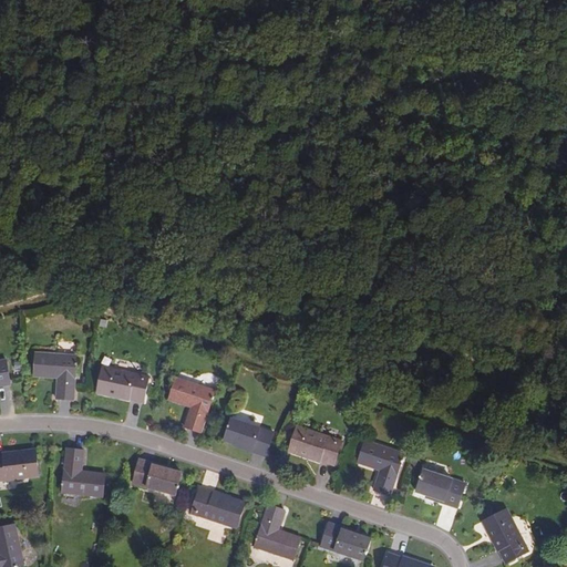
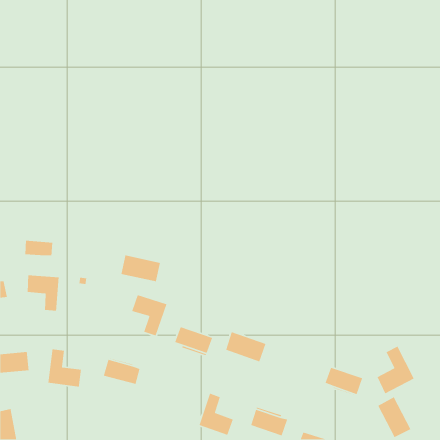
building: none -> [25,240,53,256]
building: [96,367,148,402] -> [120,255,161,282]
building: [357,441,404,495] -> none
building: none -> [377,346,415,394]
building: [192,489,244,527] -> none

